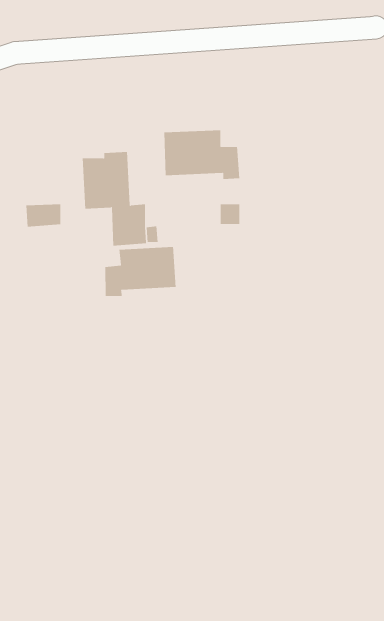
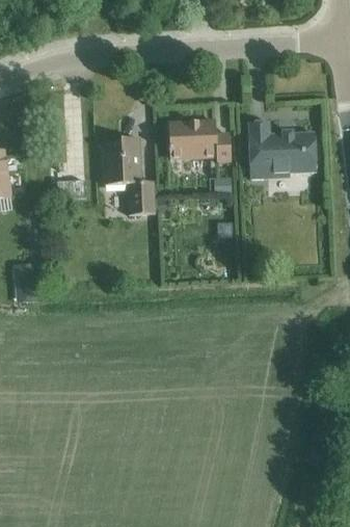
building: none -> [247,121,316,178]
building: [105,246,176,297] -> none

